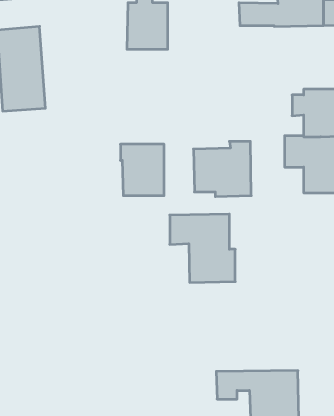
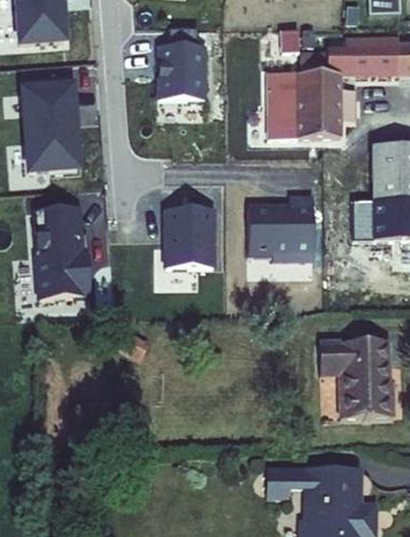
building: none -> [265,73,339,134]
building: none -> [34,207,90,299]
building: [170,214,235,282] -> [324,339,399,417]

